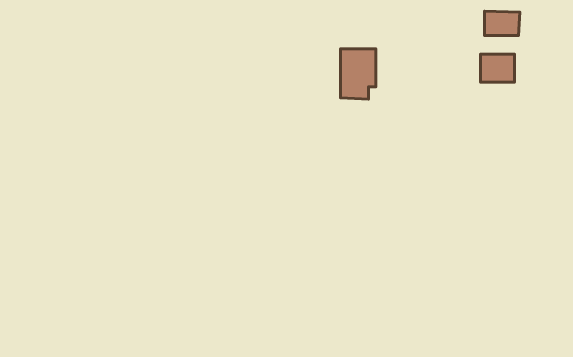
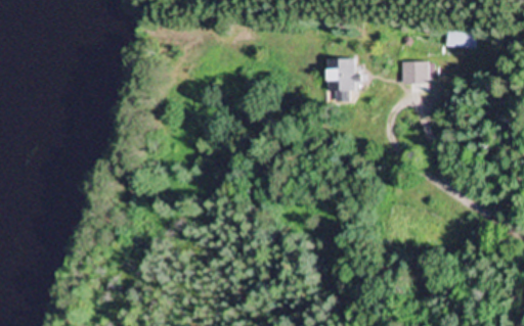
building: [480,54,515,82] -> [403,61,432,85]

